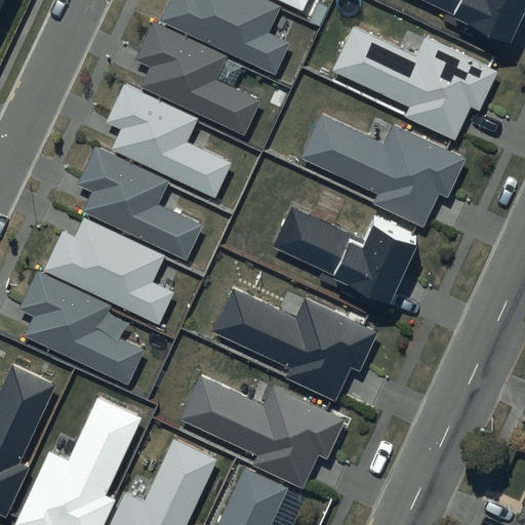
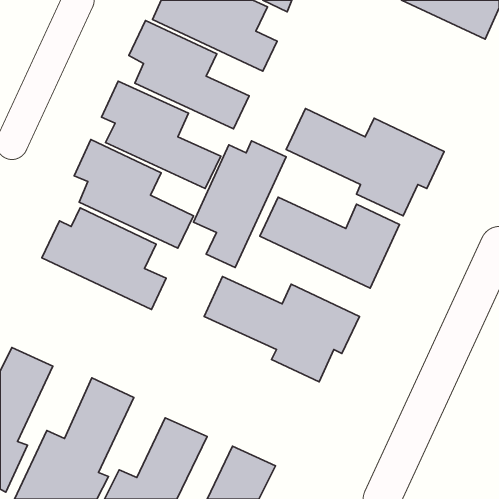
building: [332,27,498,140] -> none
building: none -> [193,141,286,268]
building: [19,272,145,386] -> none
building: [181,378,345,489] -> none

